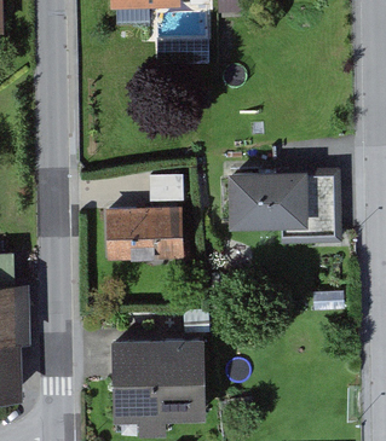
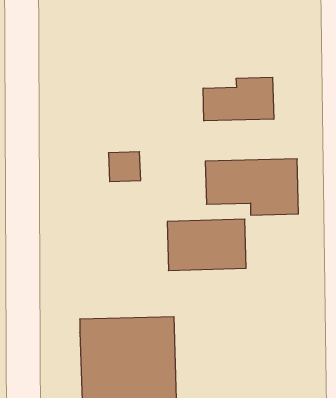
building: none -> [203,77,274,121]
building: [104,208,184,260] -> [167,219,246,271]

